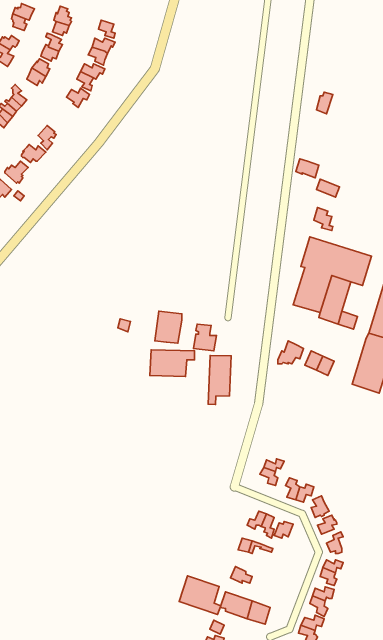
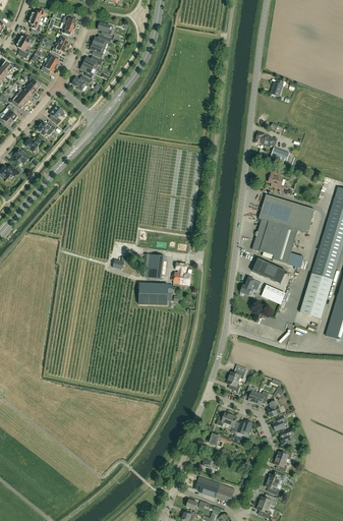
building: none -> [252,257,286,284]
building: [208,356,231,405] -> none
building: [179,576,221,615] -> none

